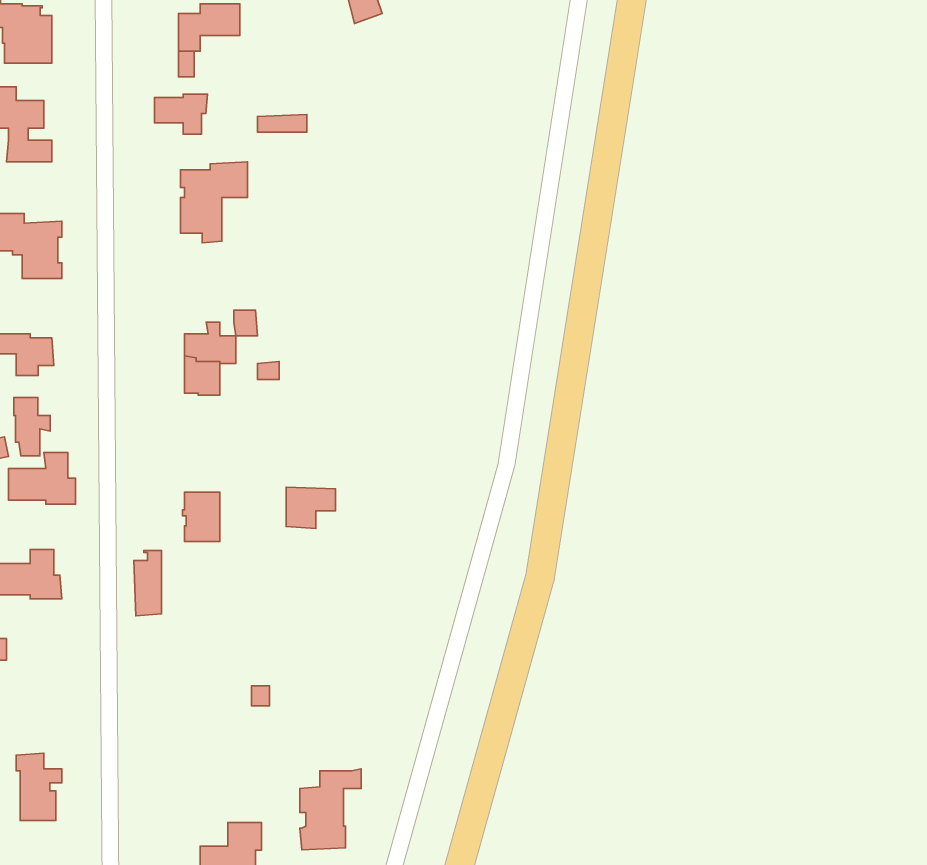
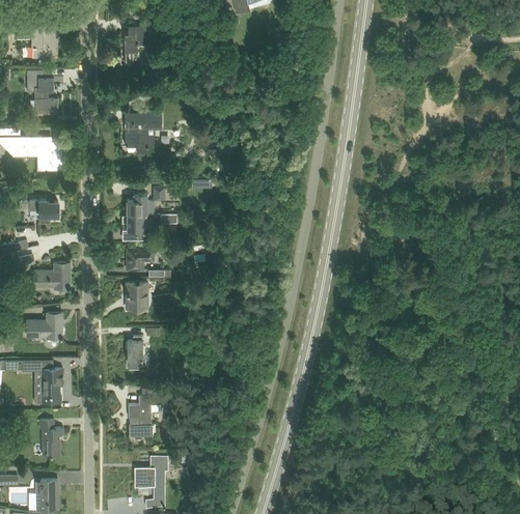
building: [155,94,207,134] -> none
building: [14,397,50,456] -> none
building: [286,487,336,529] -> [127,249,153,270]
building: [134,551,161,616] -> [127,336,141,370]
building: none -> [38,368,62,403]
building: [300,769,361,850] -> [128,395,160,437]

